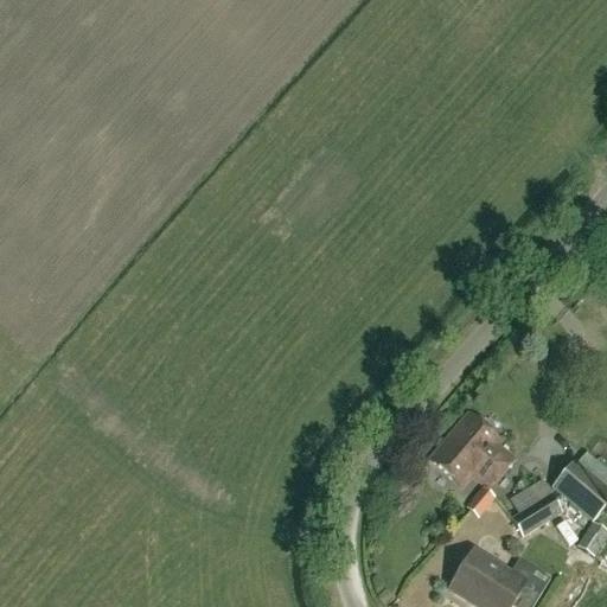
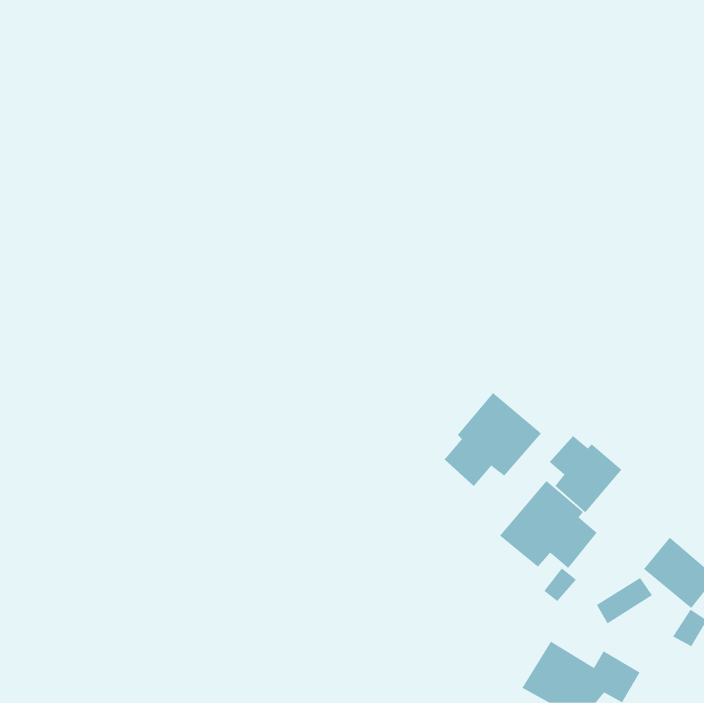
building: none -> [444,392,542,487]
building: none -> [549,435,622,513]

